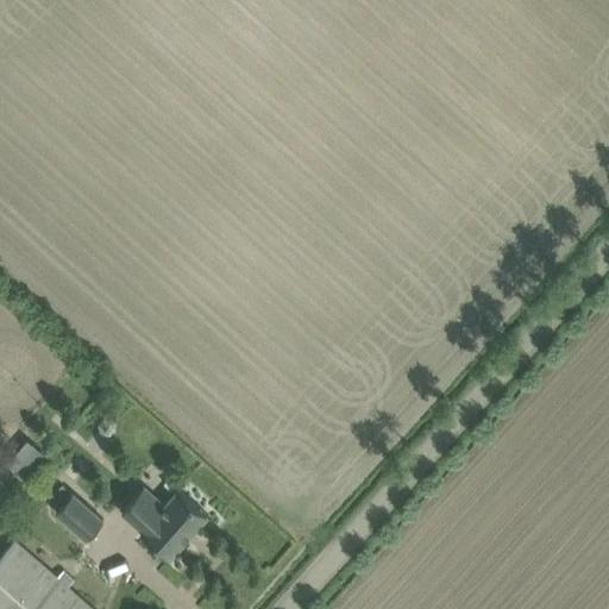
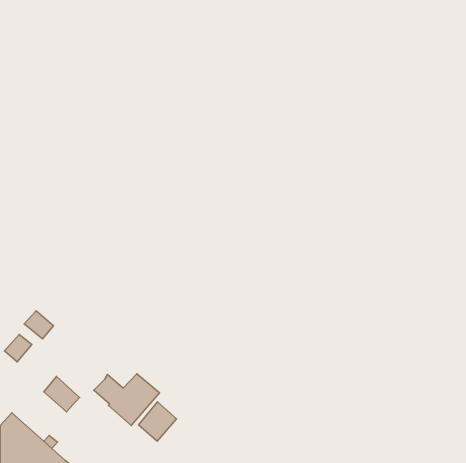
building: none -> [24,311,54,339]
building: none -> [139,402,176,441]

